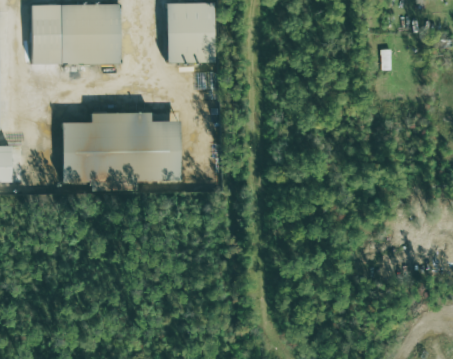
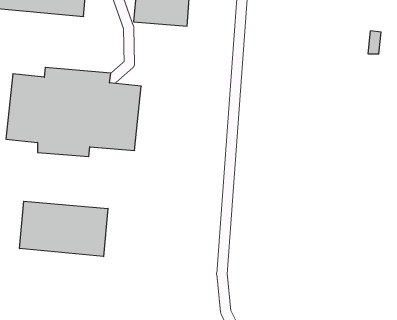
building: none -> [20,201,108,257]

